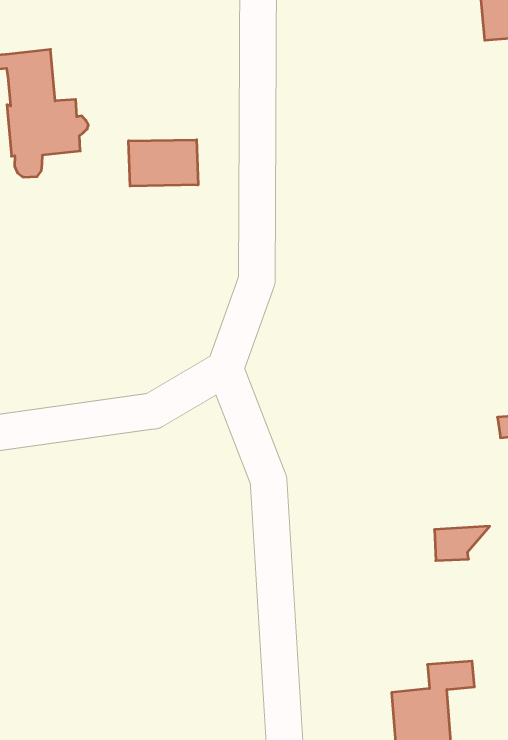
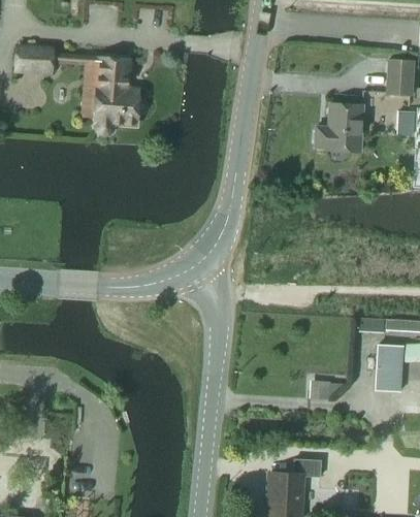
building: none -> [315,103,363,151]
building: [129,140,198,186] -> none

